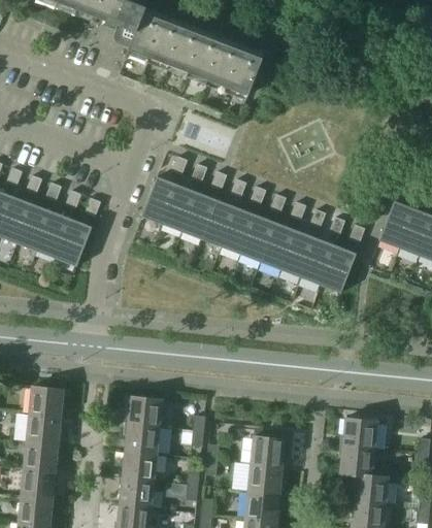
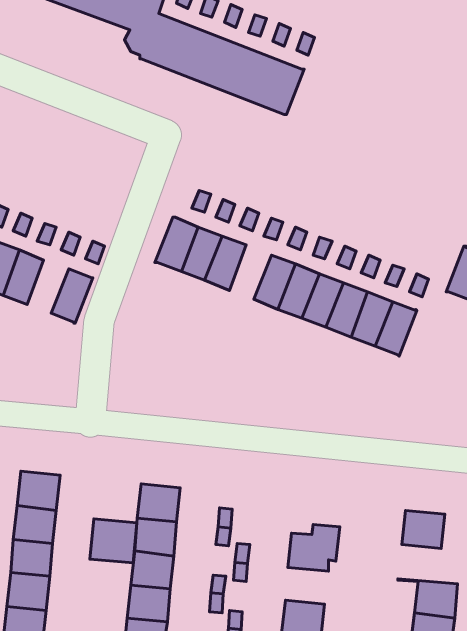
building: [202,201,236,245] -> none
building: [37,213,71,257] -> none
building: none -> [90,519,137,563]
building: [339,446,388,477] -> none
building: [247,464,283,494] -> none

